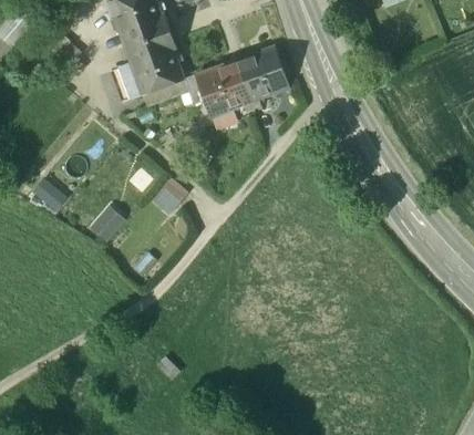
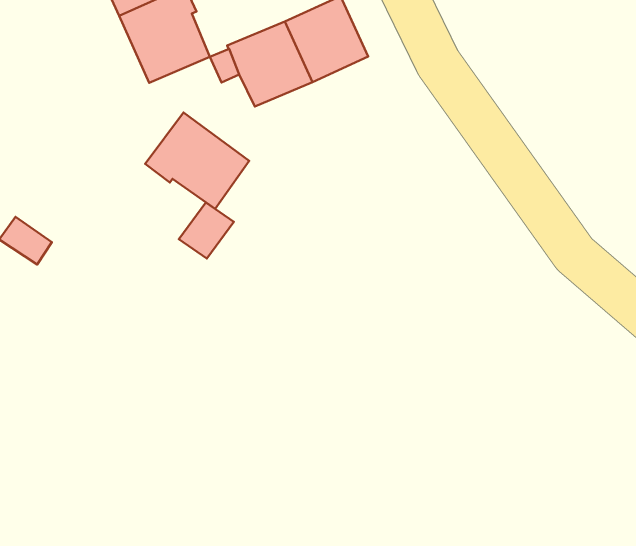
building: none -> [145,113,249,209]
building: [90,207,126,245] -> none

